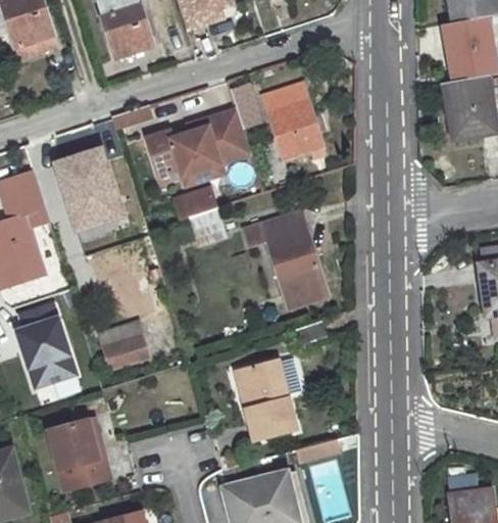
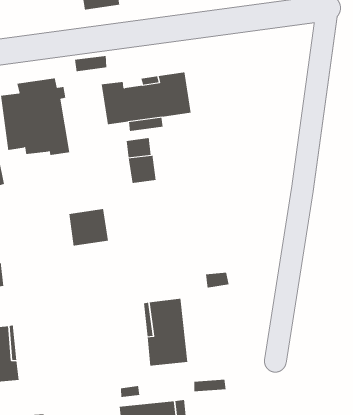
building: [263,84,326,158] -> none
building: [244,212,327,307] -> none
building: [100,322,149,369] -> [69,209,109,246]

